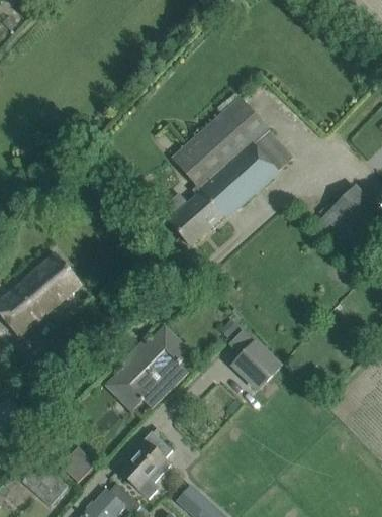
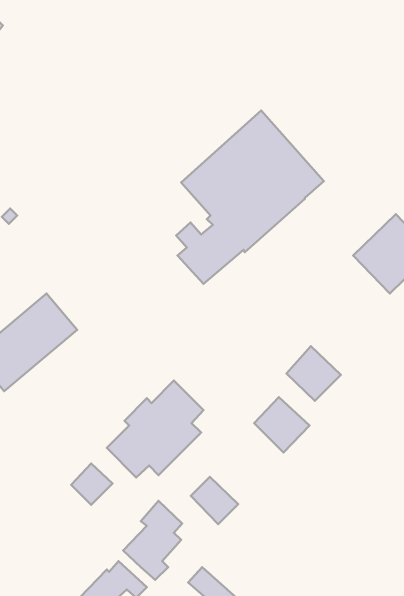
building: none -> [286,346,341,401]
building: none -> [191,477,238,524]
building: [60,446,95,482] -> [71,464,112,505]
building: [22,463,67,507] -> none

